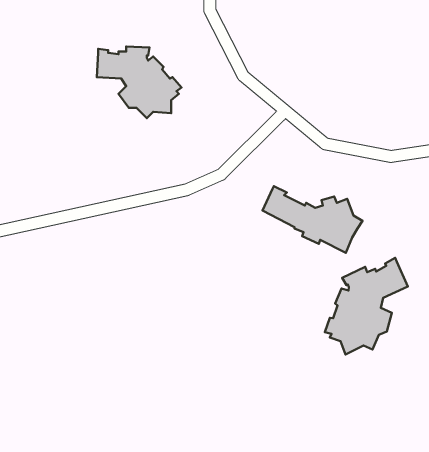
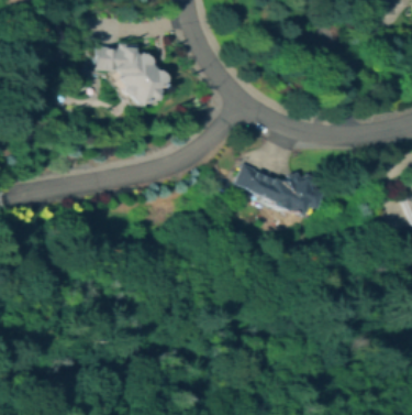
building: [325,258,408,354] -> none

